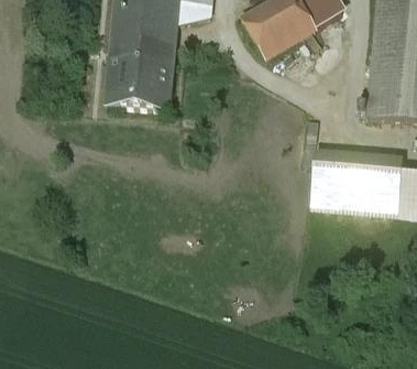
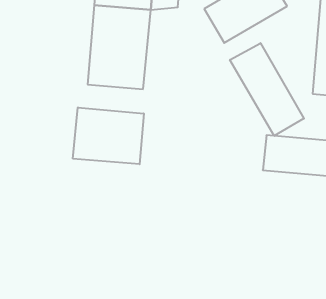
building: none -> [230,43,304,136]
building: none -> [73,107,144,164]

